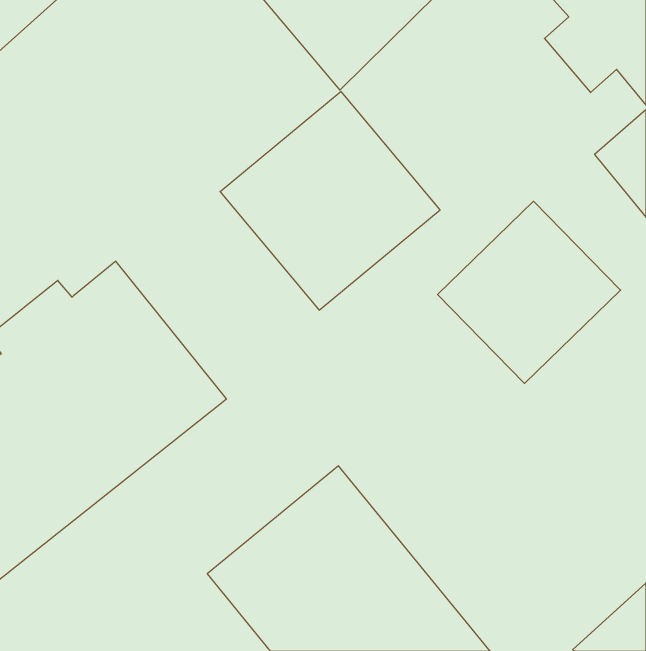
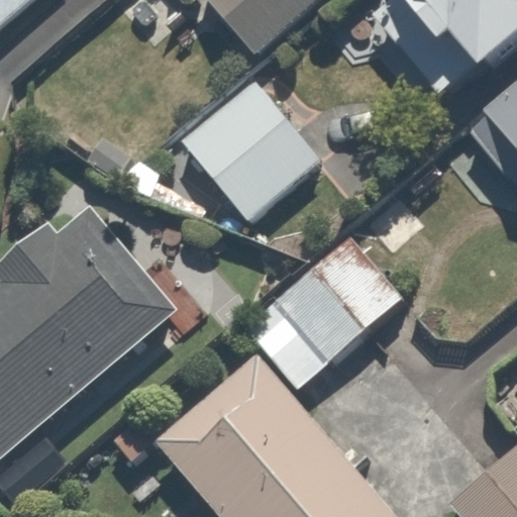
building: [438,201,621,383] -> none
building: none -> [245,232,401,388]

